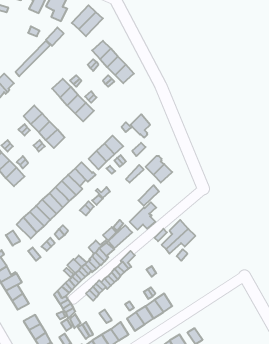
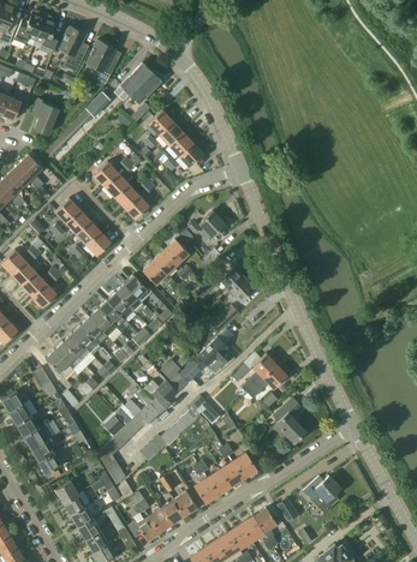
building: none -> [31,98,59,134]
building: none -> [272,397,306,443]
building: none -> [303,477,340,507]

